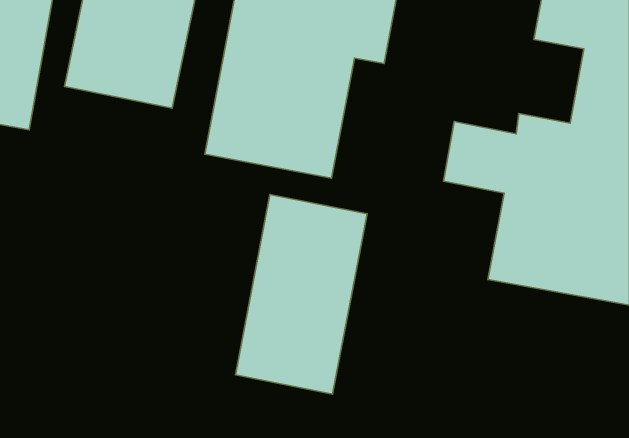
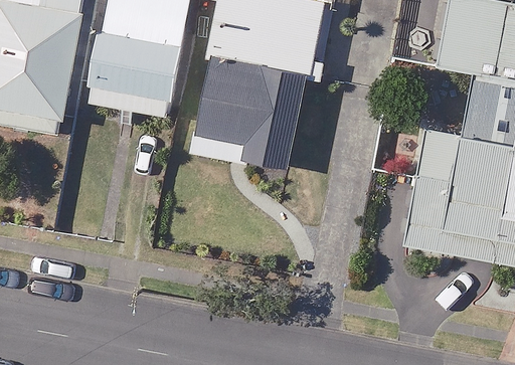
building: [235,195,367,394] -> none

